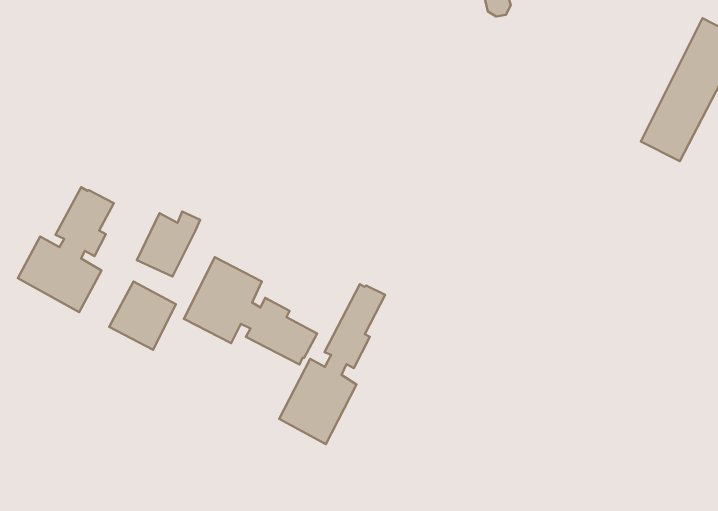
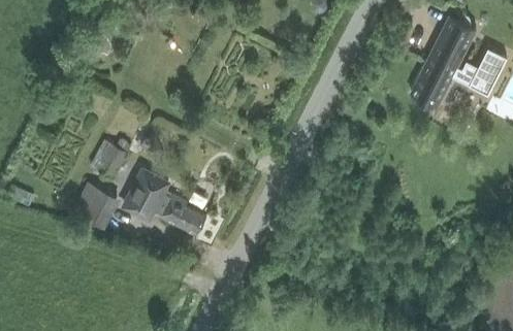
building: [18,187,114,312] -> none
building: [279,284,385,444] -> none

